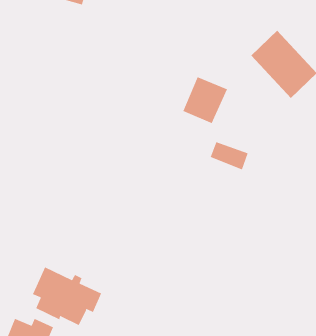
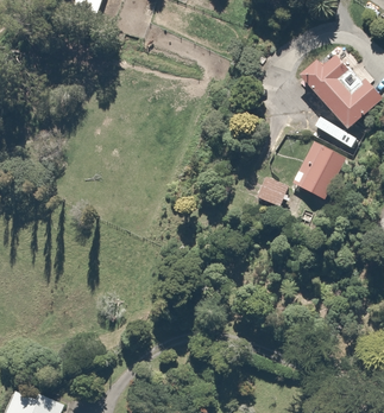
building: [182,76,228,124] -> [292,140,347,197]
building: [32,266,102,326] -> none

